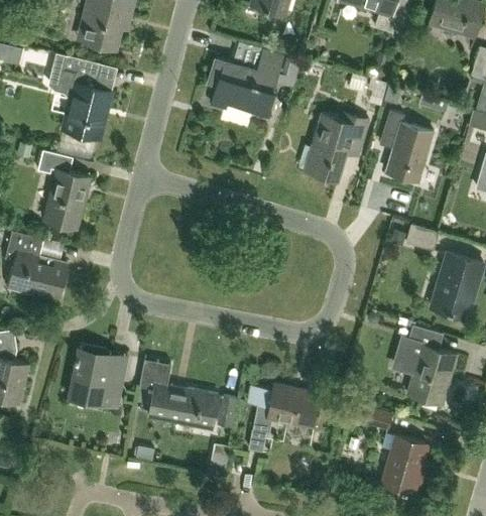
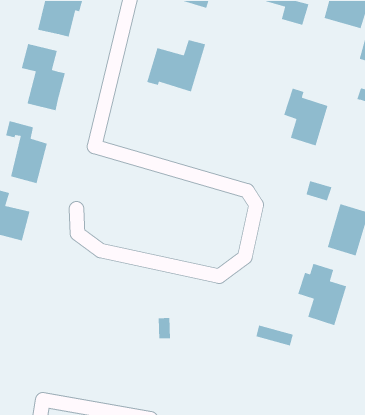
building: [306,112,369,180] -> none
building: [70,346,125,408] -> none
building: [140,359,219,428] -> none
building: [248,384,322,452] -> none
building: [382,433,427,494] -> none

